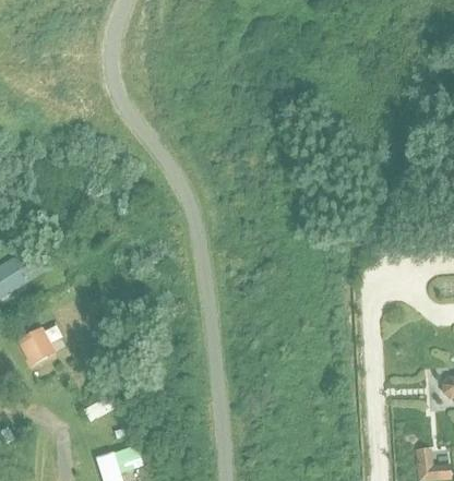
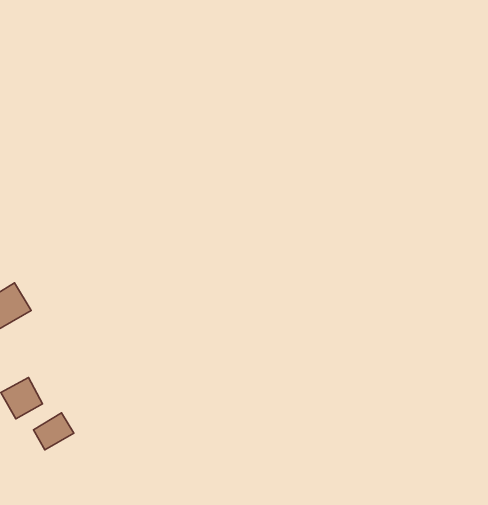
building: none -> [33,413,74,450]

